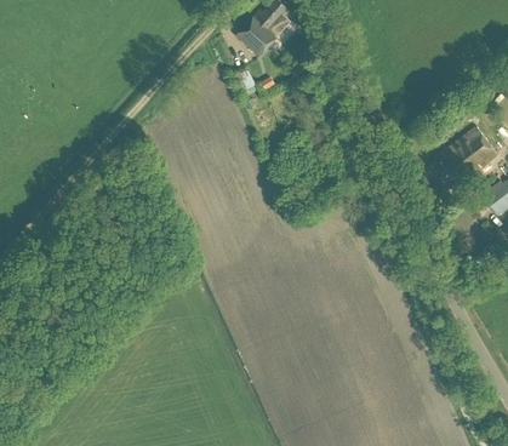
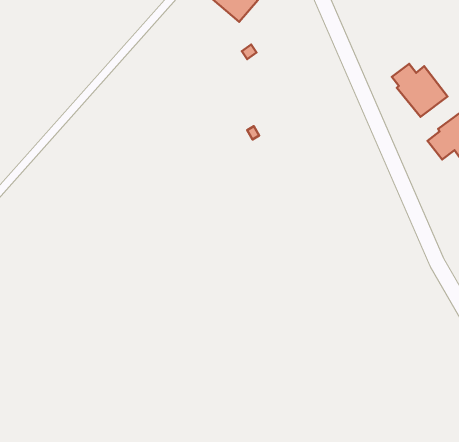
building: none -> [392,64,447,117]

